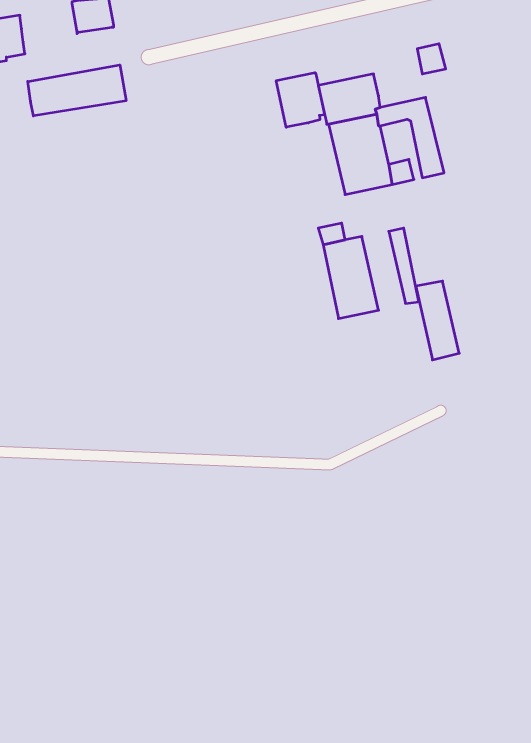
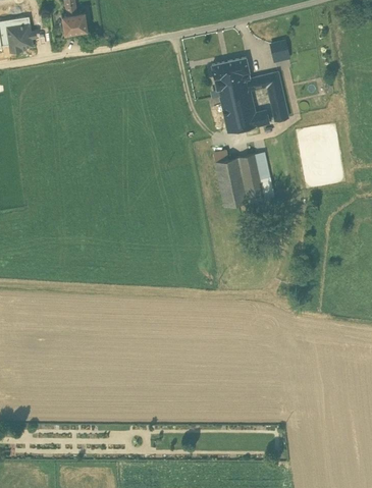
building: [28,65,126,116] -> none
building: [276,73,325,127] -> none
building: [416,281,459,360] -> [238,155,265,203]

